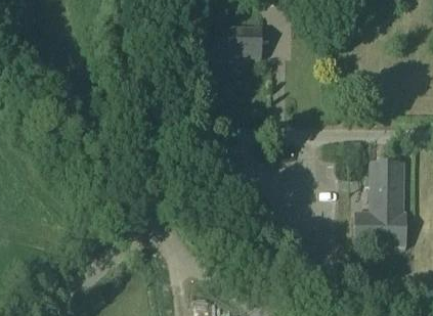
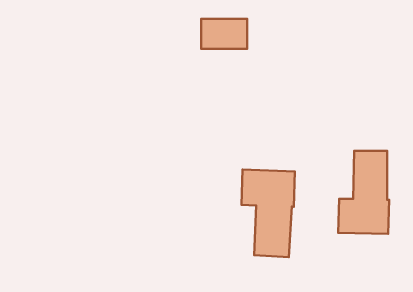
building: none -> [241,169,295,257]

